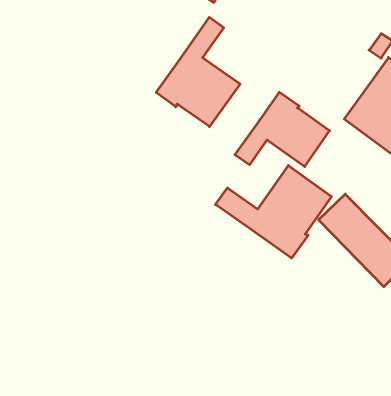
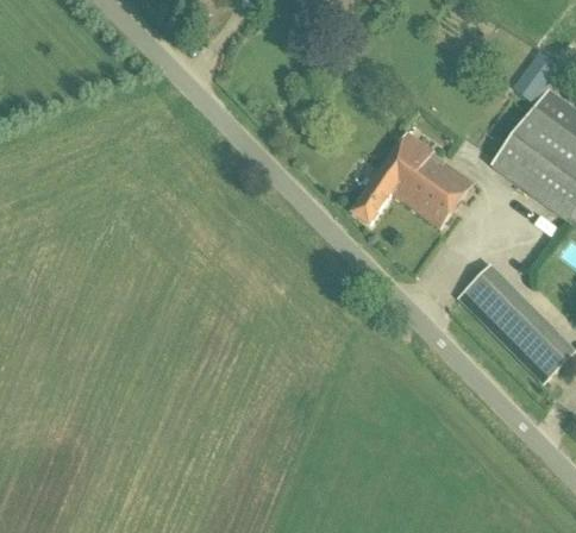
building: [156,17,240,127] -> none
building: [215,165,331,258] -> none

